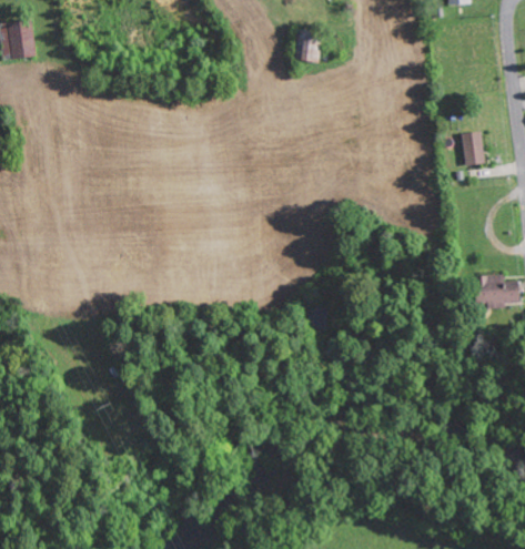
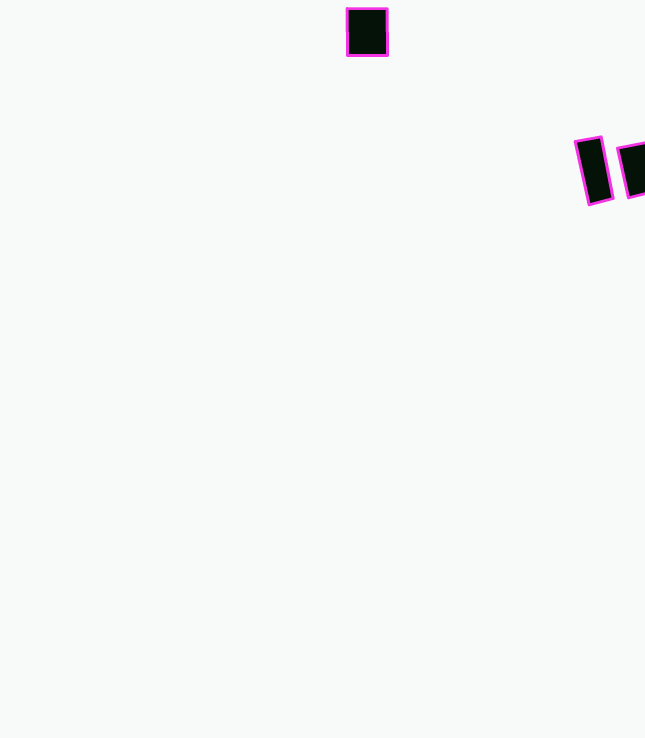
building: none -> [575,137,613,205]

